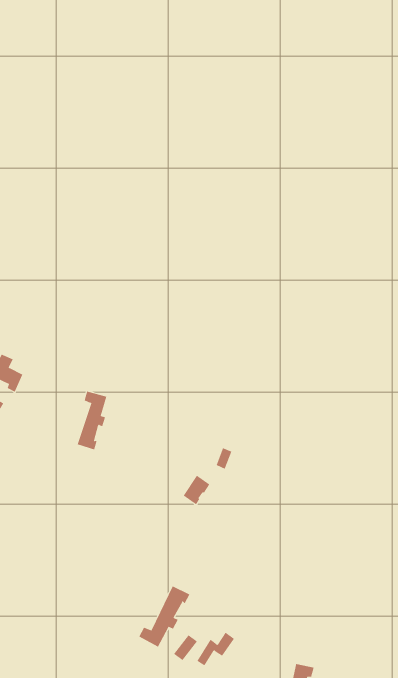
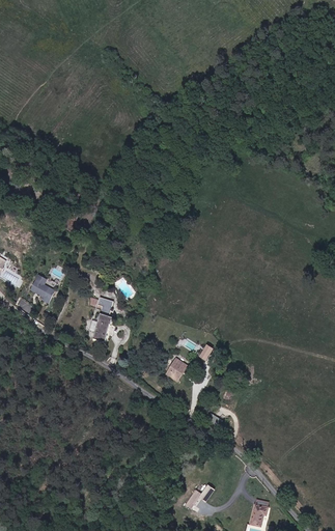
building: [138,585,190,648] -> none

